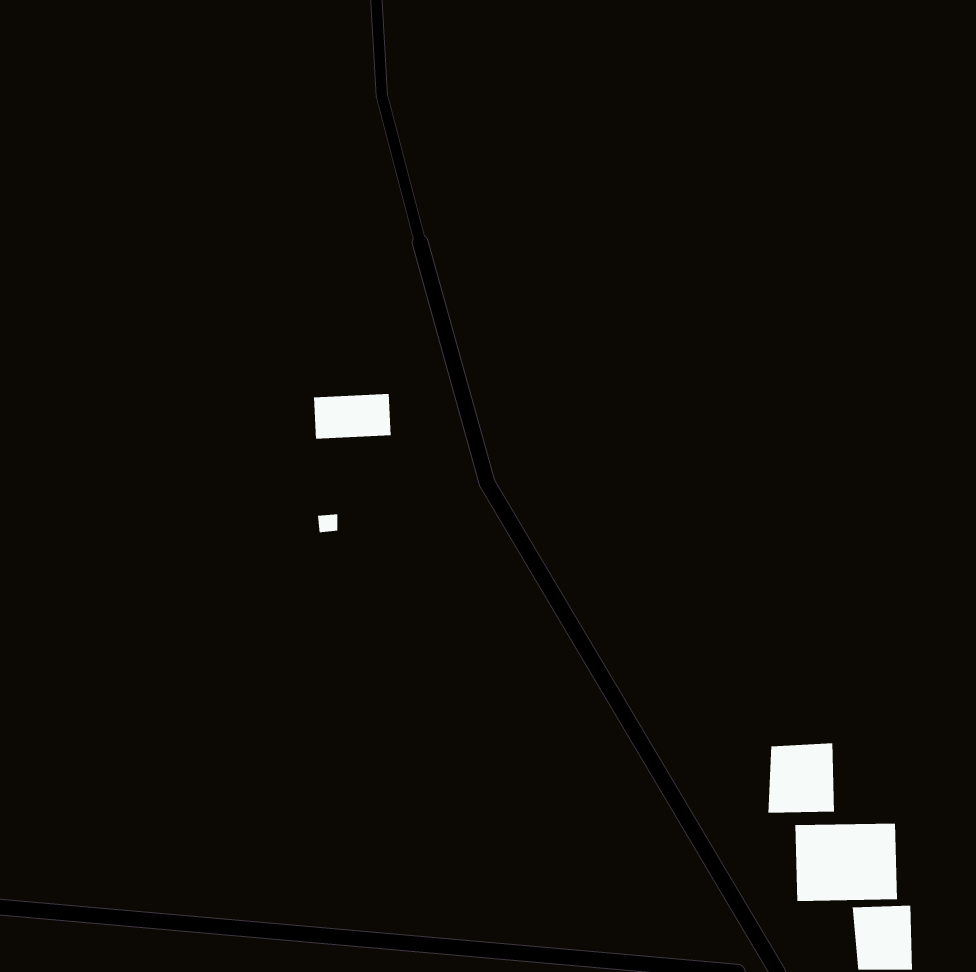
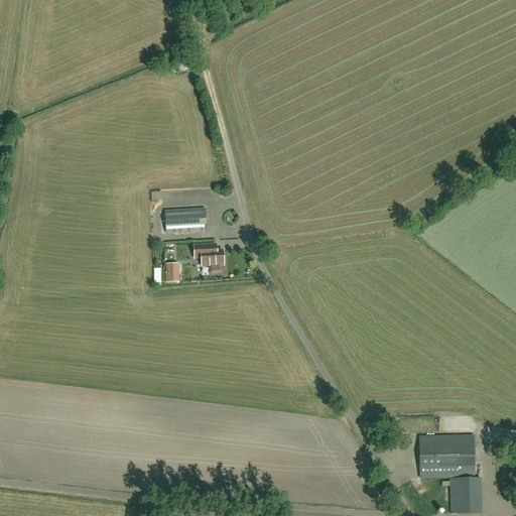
building: none -> [195,243,224,272]
building: [768,743,835,814] -> none

